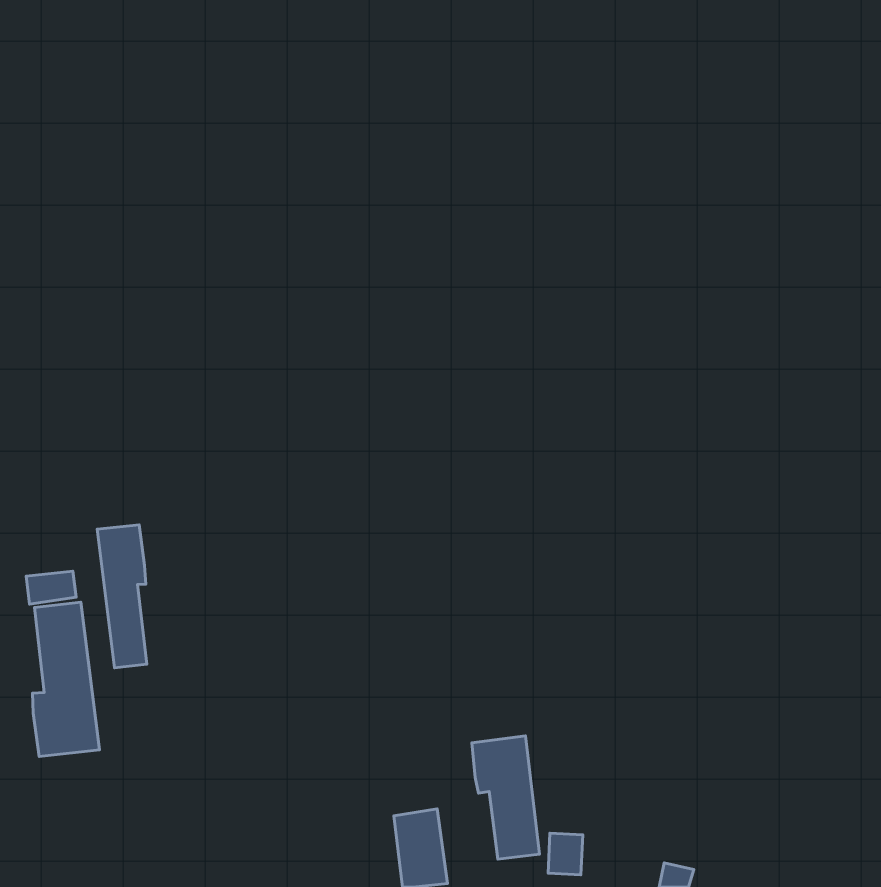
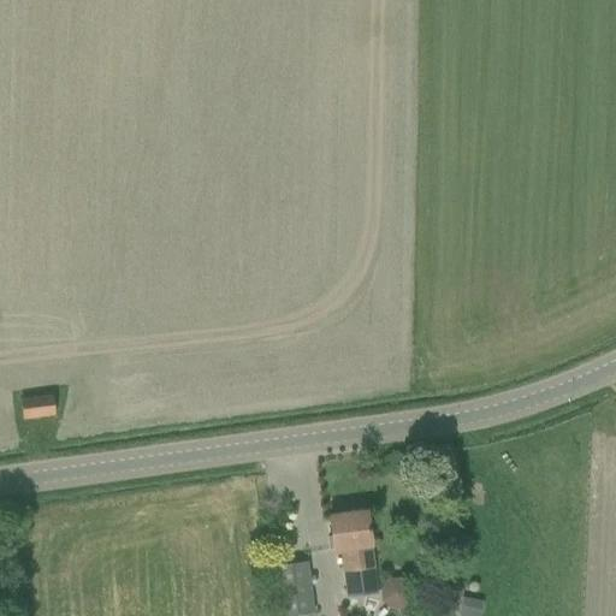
building: [97,525,147,668] -> none
building: [32,602,99,757] -> none

